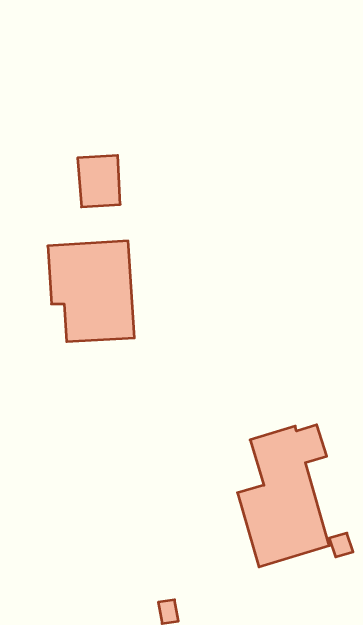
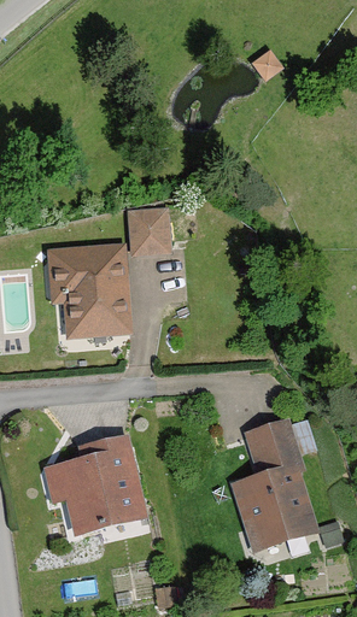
building: [78,155,120,207] -> [129,207,170,257]
building: none -> [46,435,146,537]

